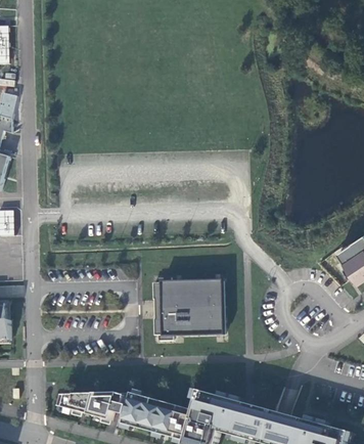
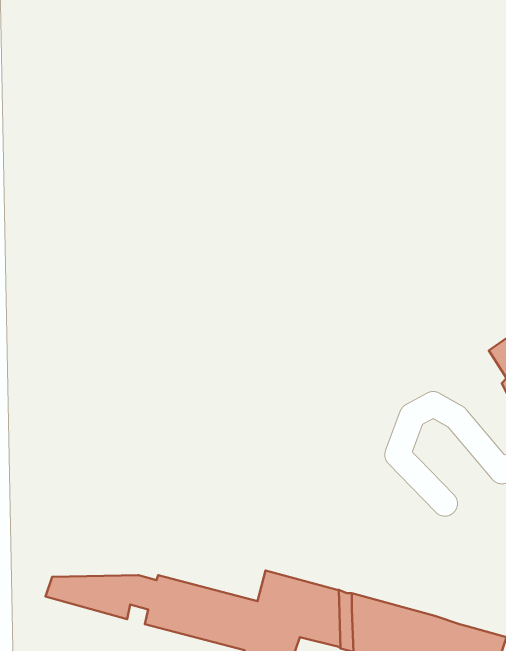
building: [152,275,223,340] -> none

